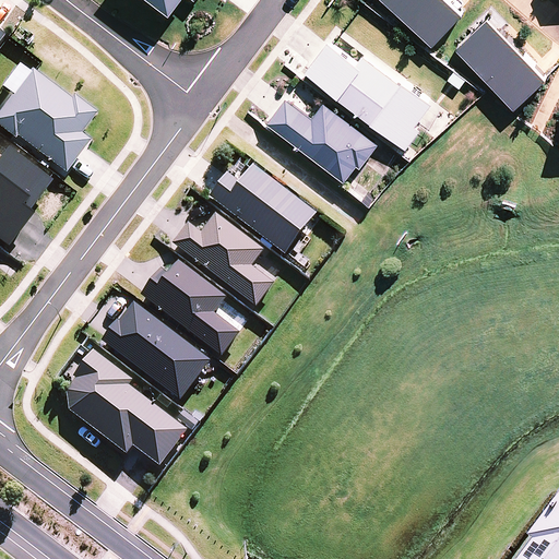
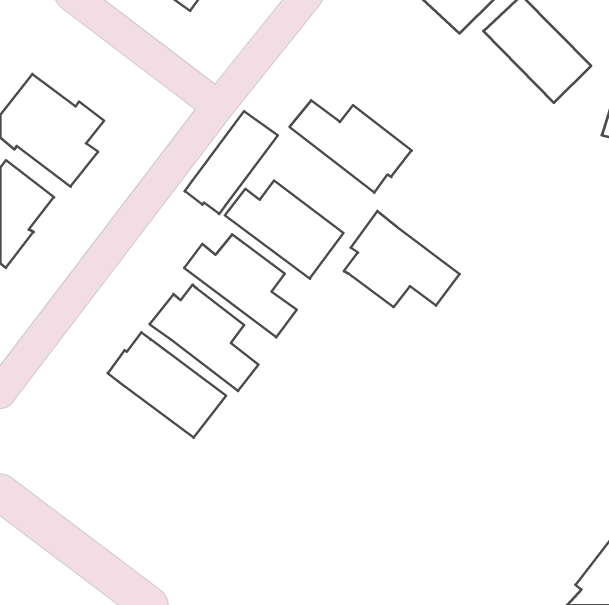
building: [305,35,430,142] -> none
building: none -> [185,111,278,214]
building: none -> [344,211,460,307]
building: [66,349,186,466] -> none

